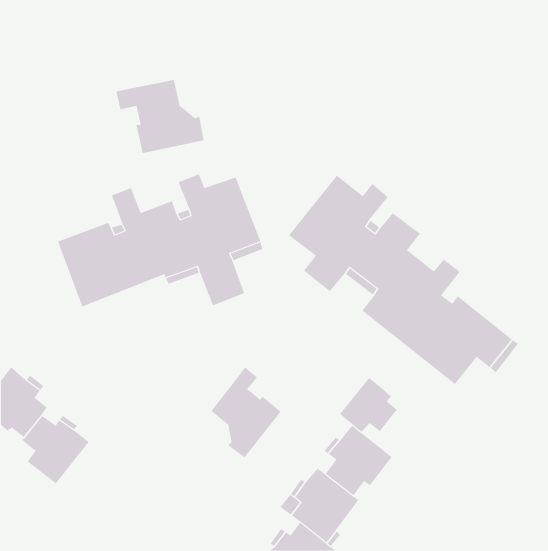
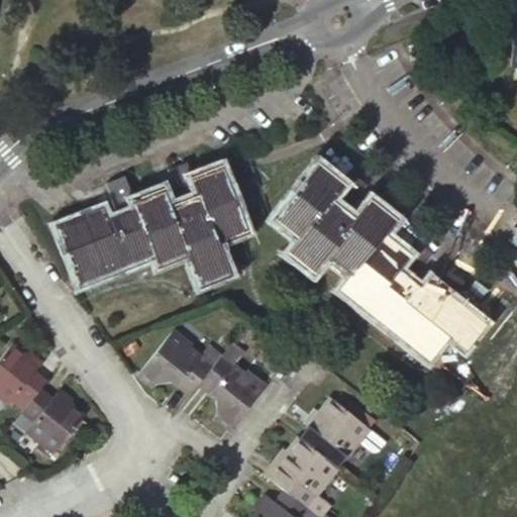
building: [116,79,204,154] -> none
building: none -> [139,330,222,396]
building: [339,377,397,433] -> none

